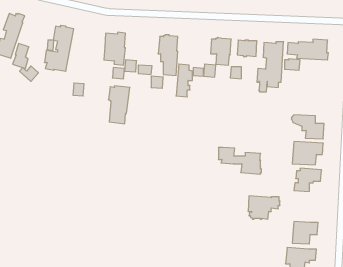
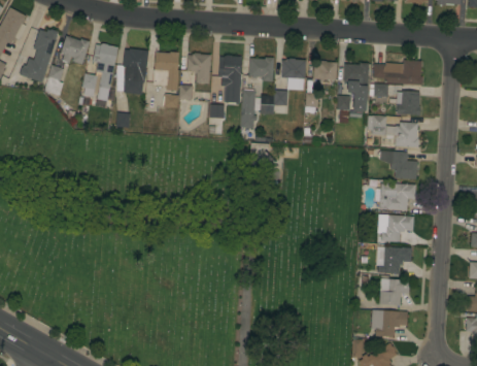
building: none -> [61,36,90,64]
building: none -> [188,53,211,84]
building: none -> [249,57,274,81]
building: none -> [397,91,420,115]
building: [108,86,130,124] -> [123,48,148,94]
building: [218,147,261,174] -> [368,115,419,147]
building: [248,196,280,219] -> [375,246,413,274]

